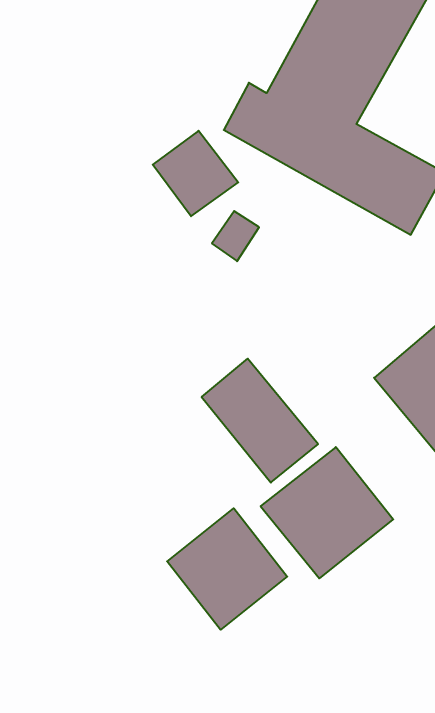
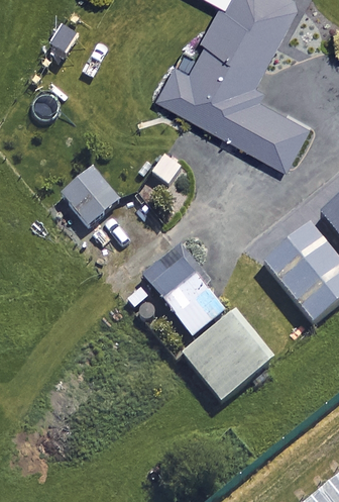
building: [153,131,238,216] -> [60,168,118,226]
building: [167,508,287,630] -> none

